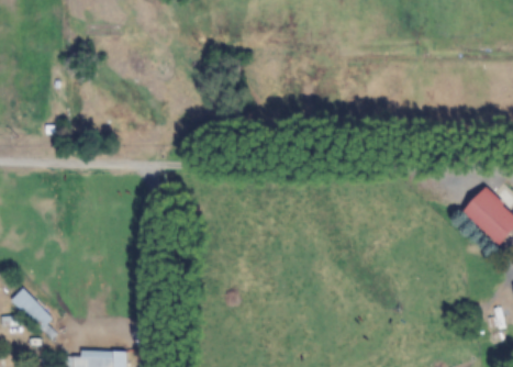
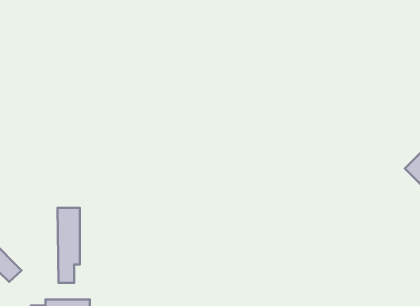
building: none -> [58,208,80,283]

